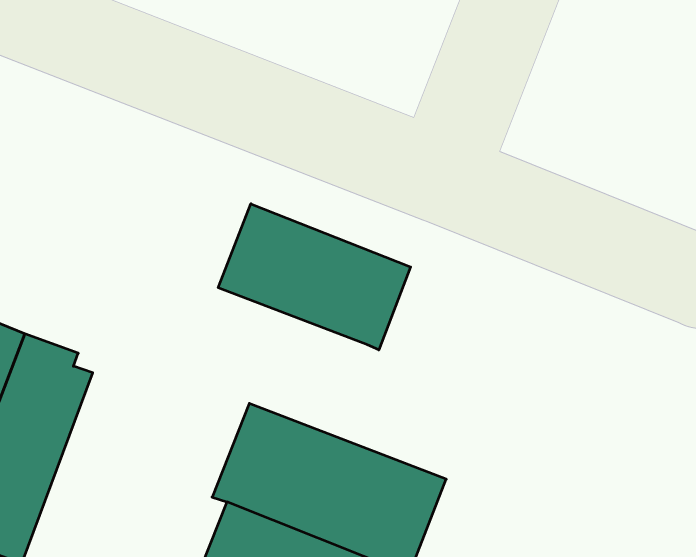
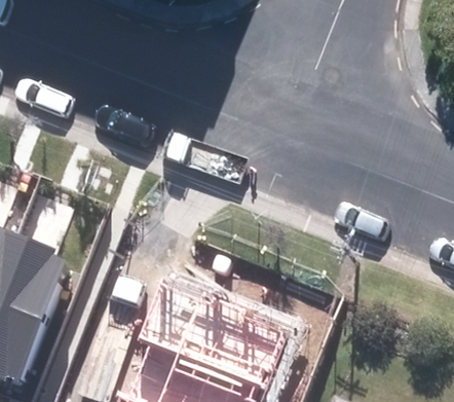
building: [218,204,411,350] -> none

